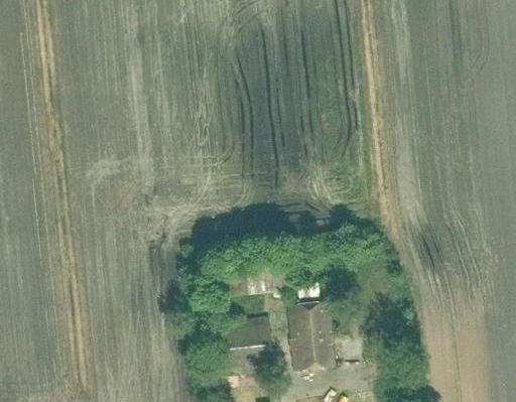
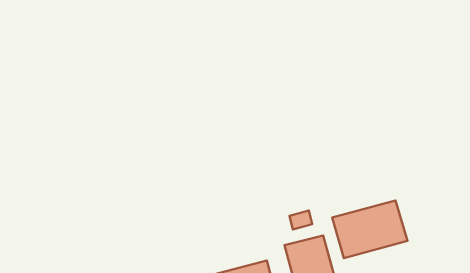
building: none -> [332,200,407,258]

